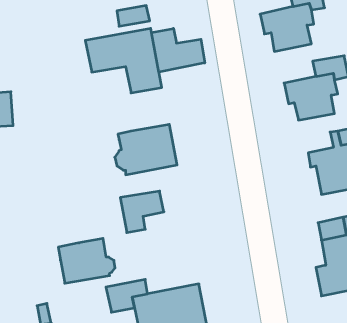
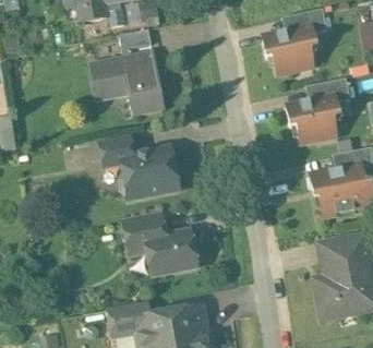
building: [152,28,205,72] -> none
building: none -> [100,137,133,166]
building: [58,238,115,283] -> [145,230,202,275]

